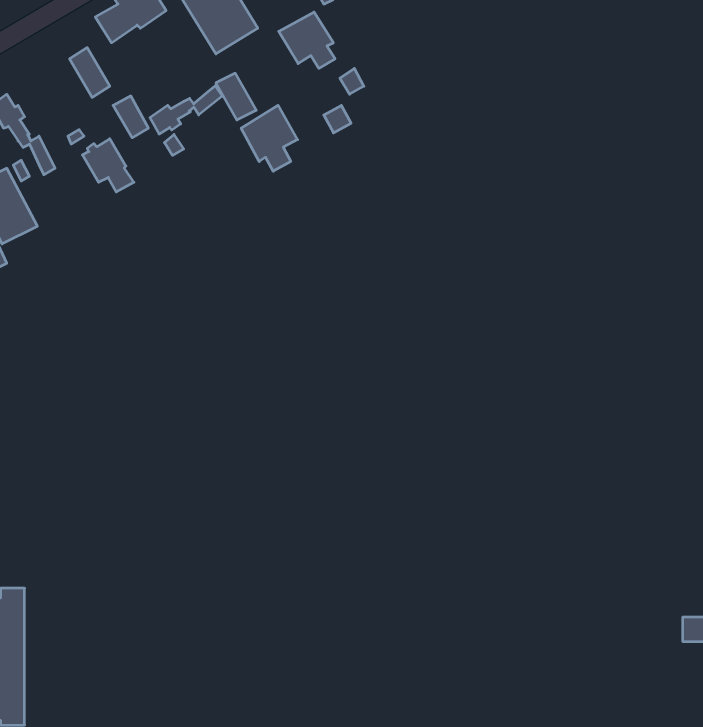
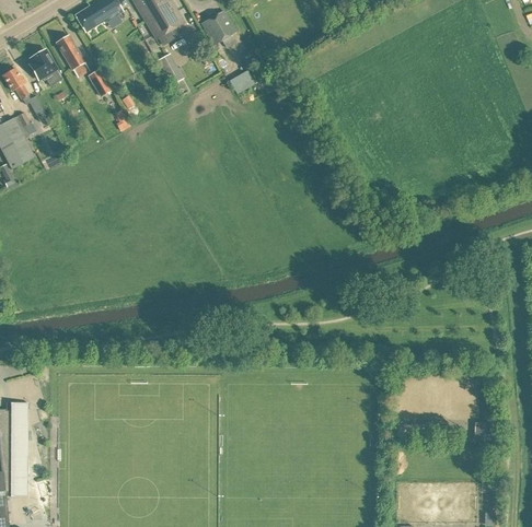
building: [150,86,222,134] -> none
building: [241,105,298,171] -> none
building: [82,139,134,192] -> [27,49,62,85]

